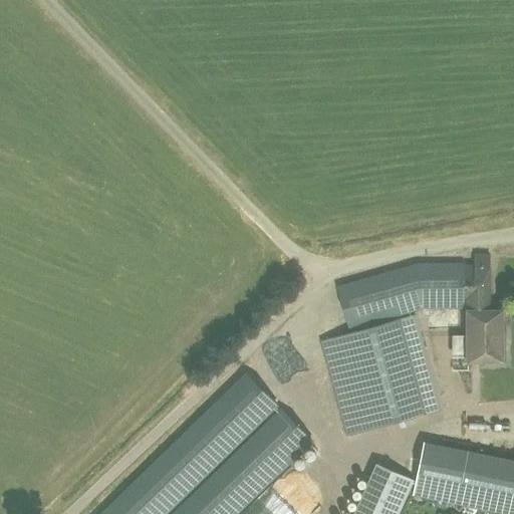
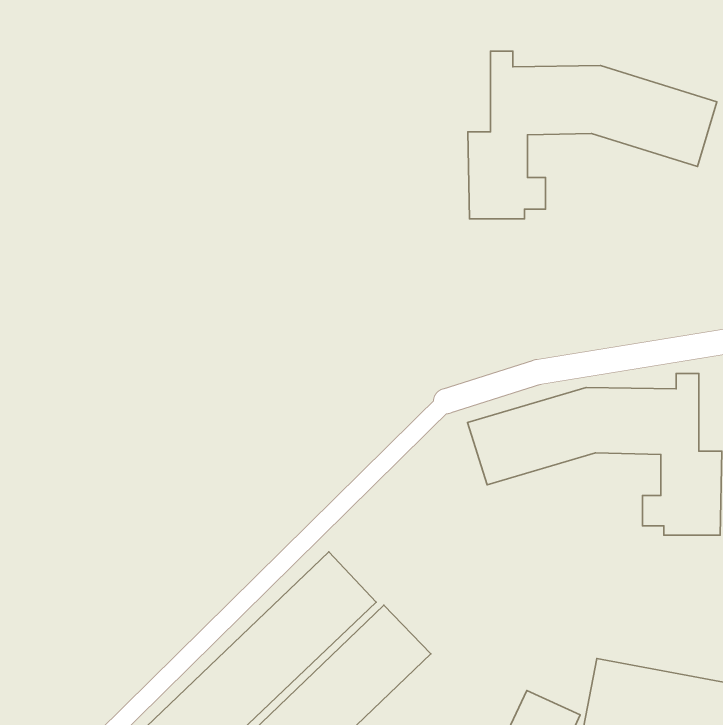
building: none -> [468,51,717,219]
building: [320,314,445,436] -> none

